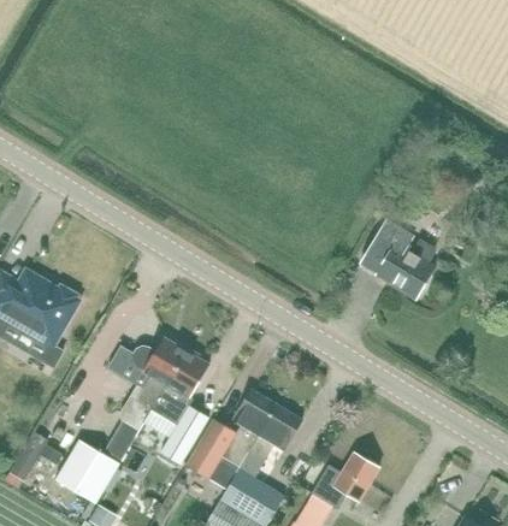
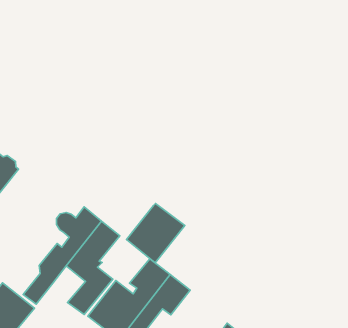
building: [358,218,436,301] -> none
building: none -> [127,203,185,263]

